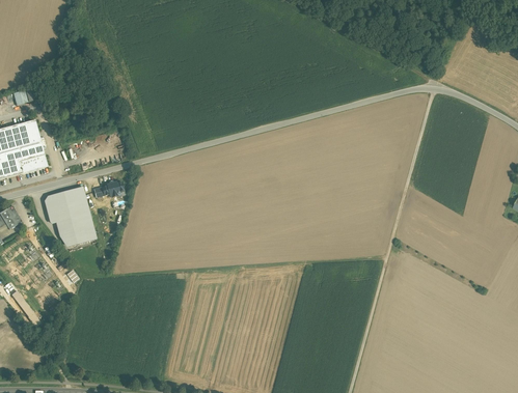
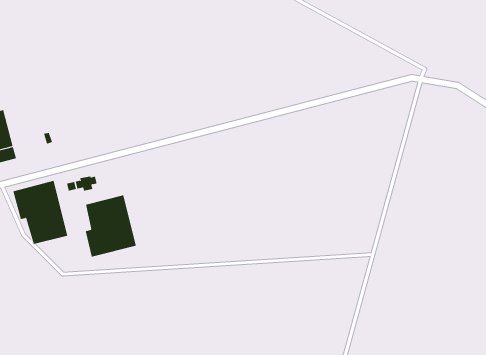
building: none -> [85,194,137,257]

